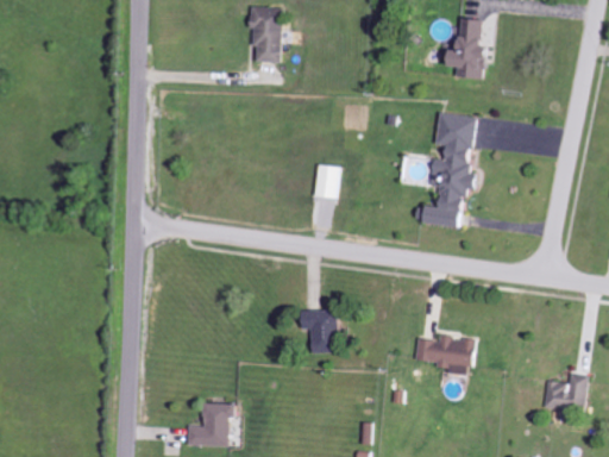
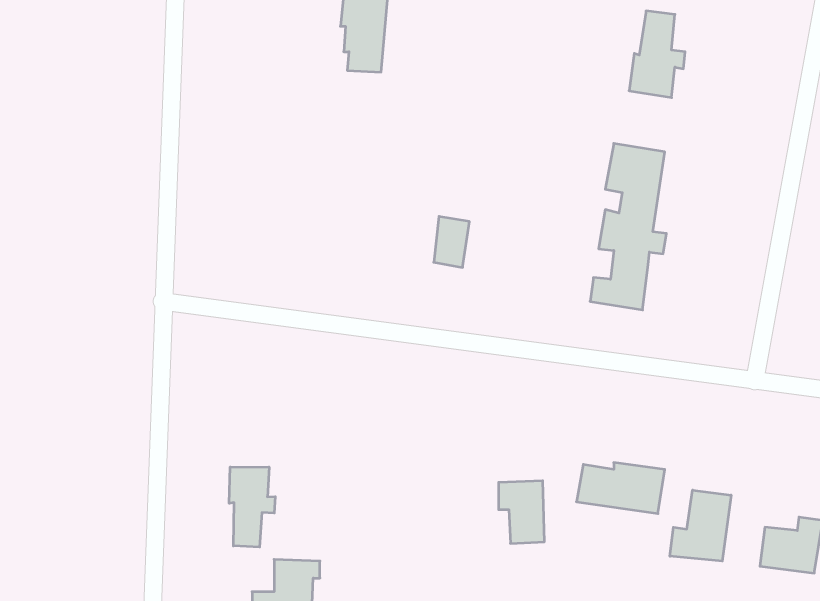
building: [303,309,335,353] -> [499,481,544,543]
building: none -> [229,467,275,547]
building: none -> [670,490,731,561]

